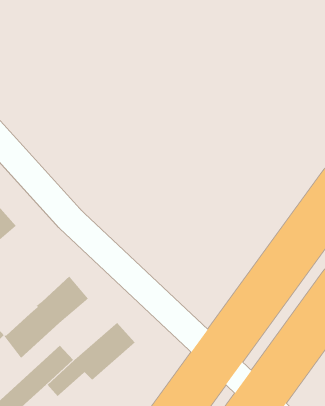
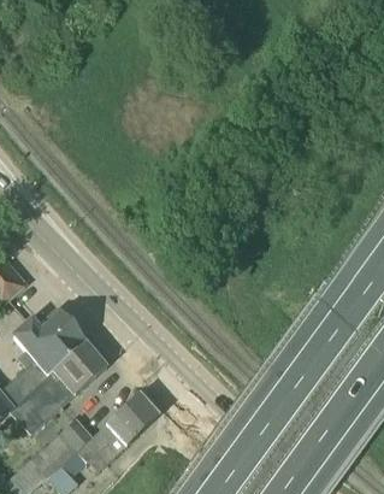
building: none -> [14,308,85,381]

